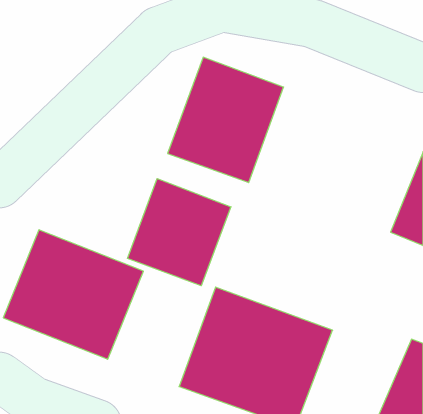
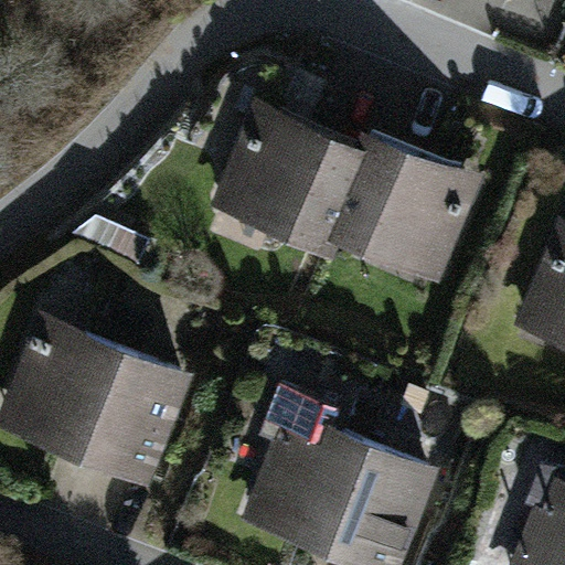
building: none -> [331,129,484,296]
building: [128,179,231,286] -> none

